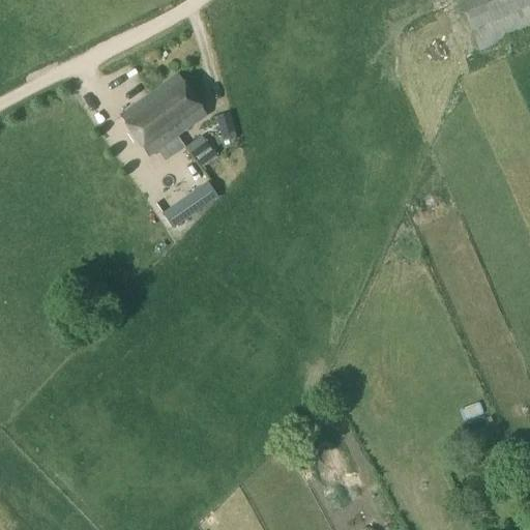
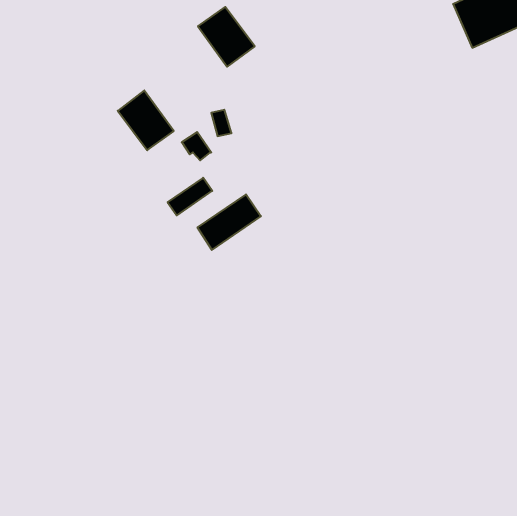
building: [149,72,207,134] -> [198,7,255,67]
building: none -> [198,194,261,250]

